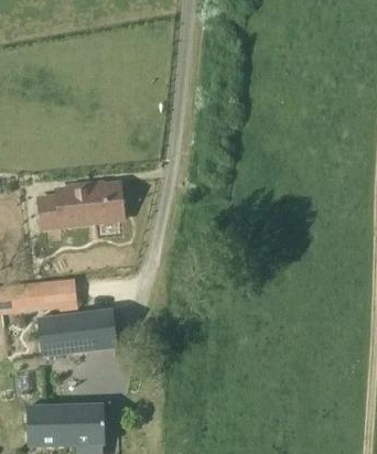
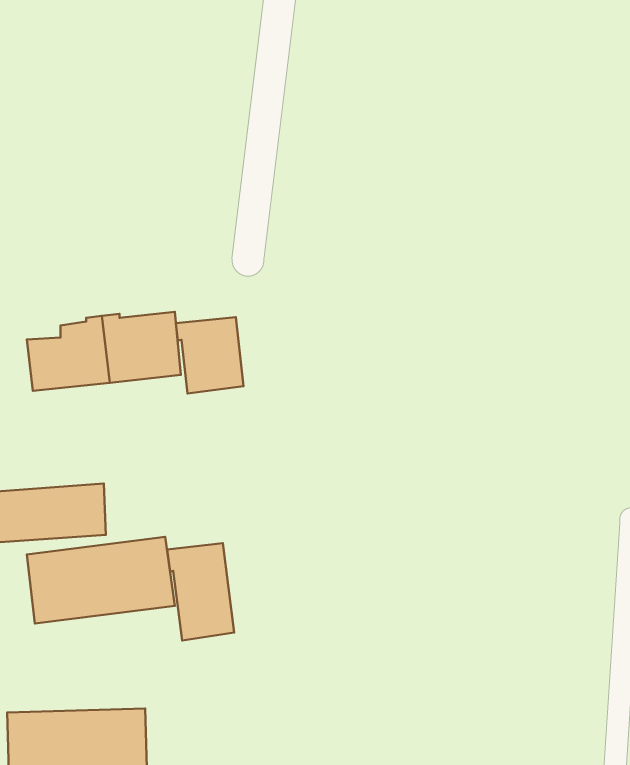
building: none -> [176,317,244,393]
building: none -> [167,543,234,640]

